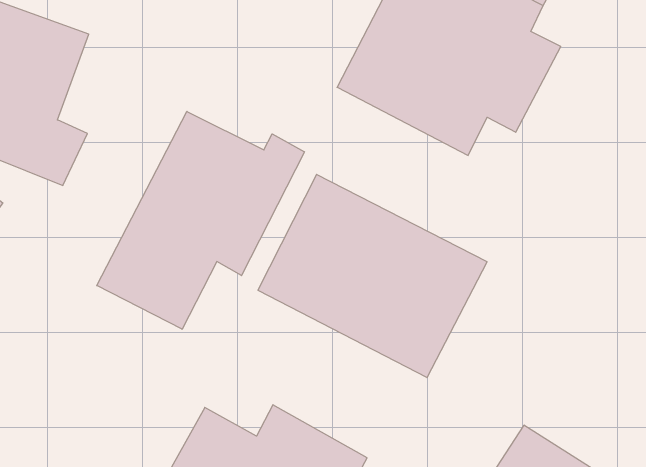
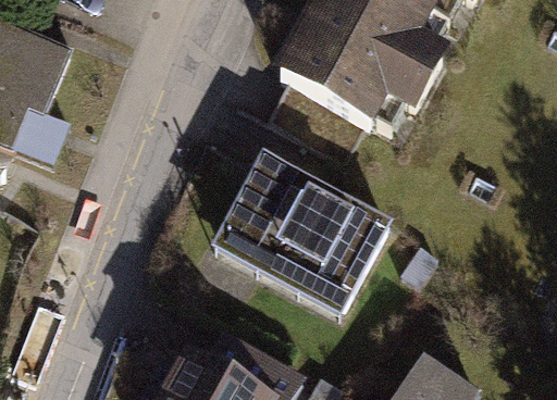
building: [97,111,304,329] -> none

